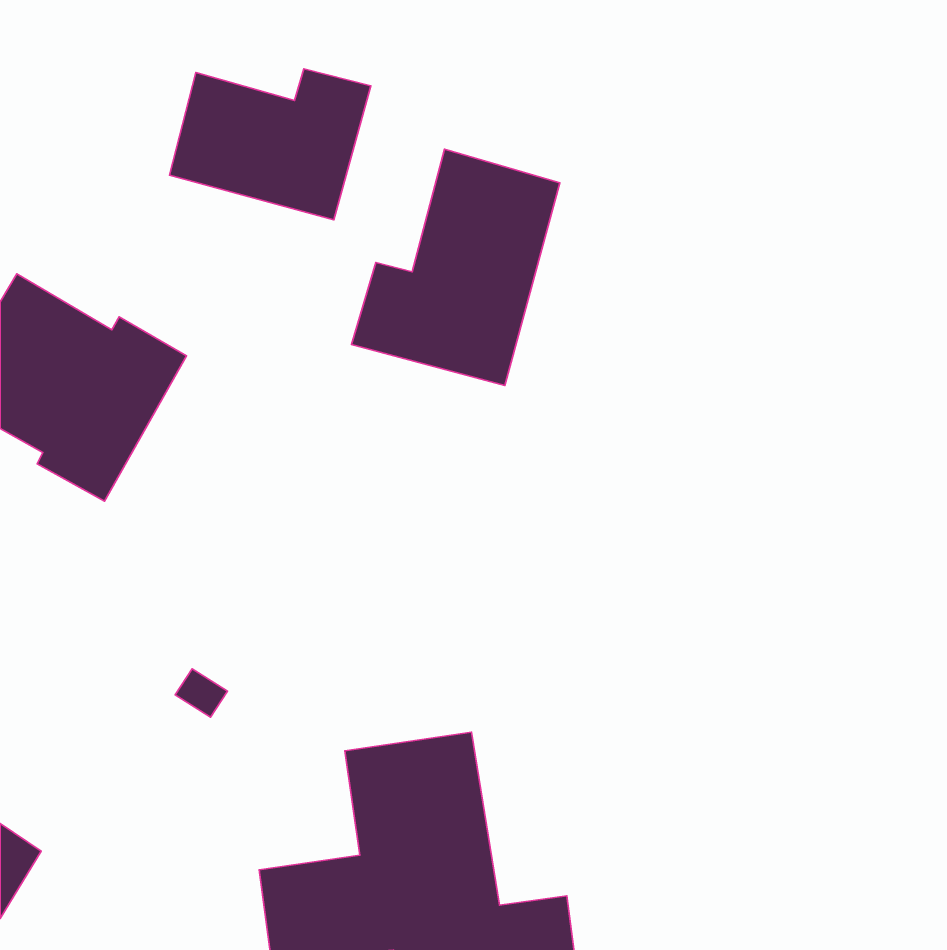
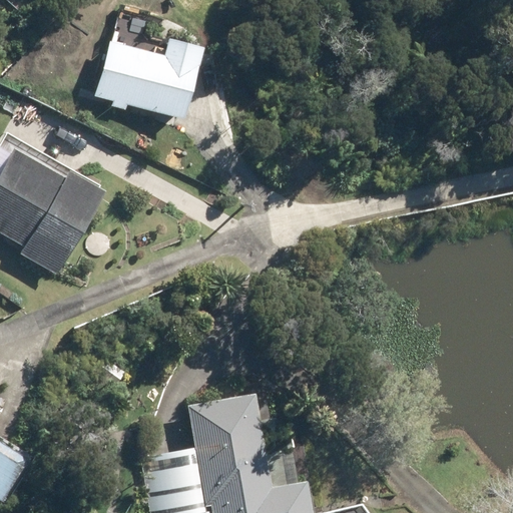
building: [352,149,560,385] -> none

